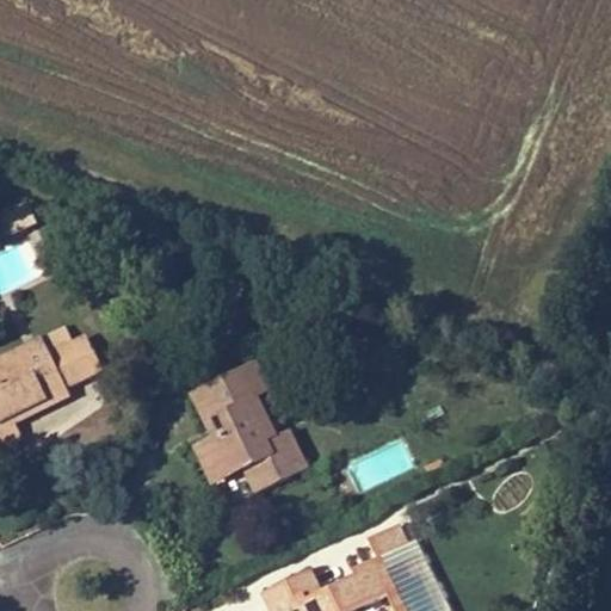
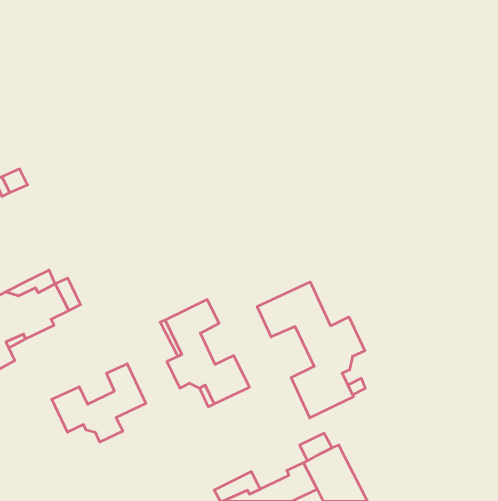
building: none -> [257,282,365,418]
building: none -> [52,364,146,442]

